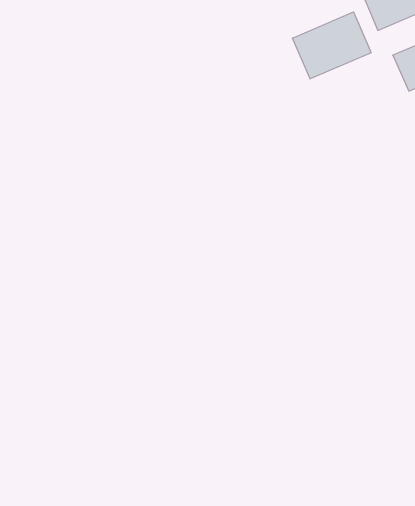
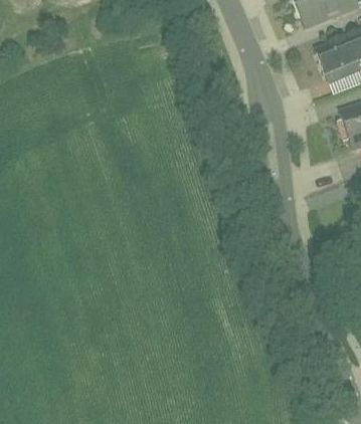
building: [292,12,371,79] -> none

